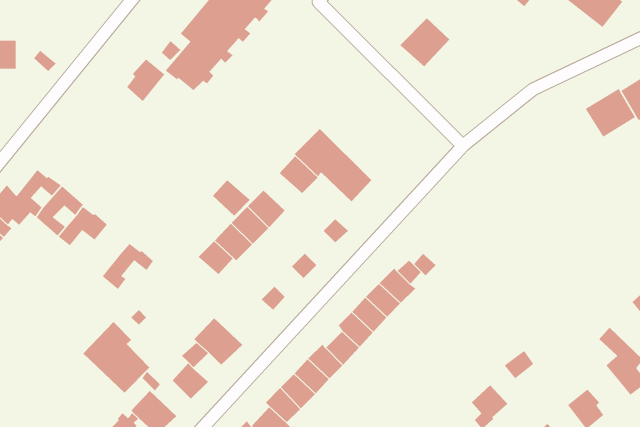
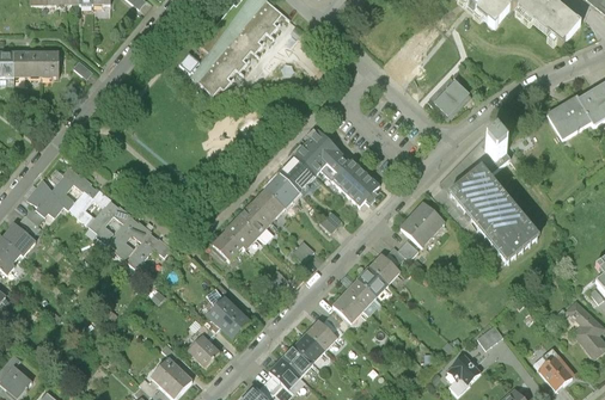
building: [399,18,450,67] -> [428,75,472,118]
building: [127,58,165,102] -> none
building: none -> [444,130,539,261]
building: [212,179,251,216] -> [269,170,302,202]
building: none -> [346,176,378,208]
building: none -> [402,202,446,246]
building: none -> [109,215,153,251]
building: [83,321,150,393] -> none

